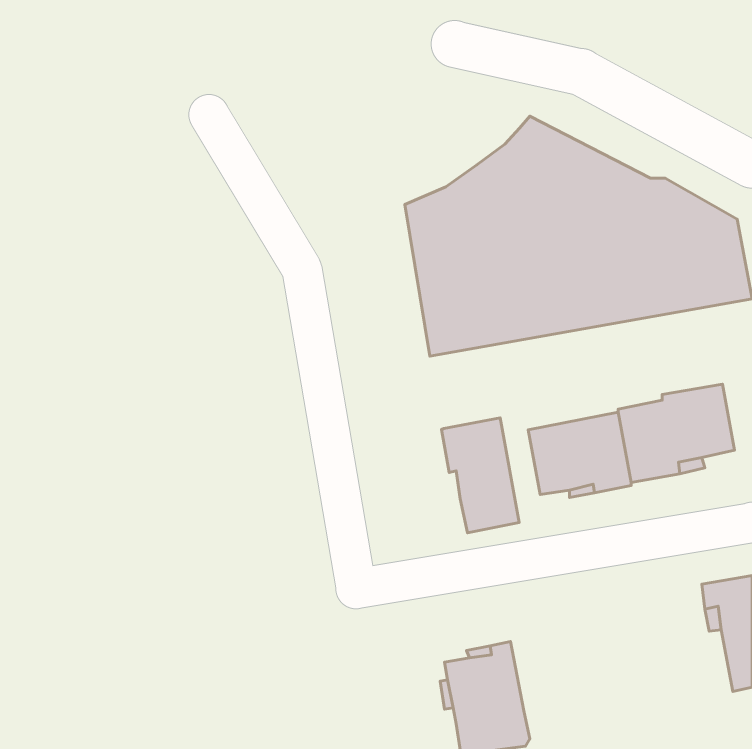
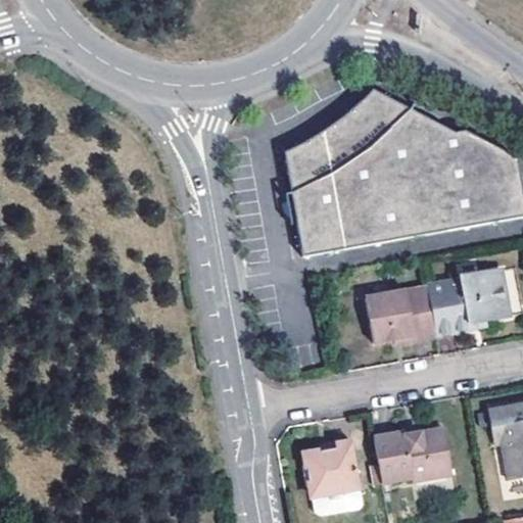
building: [442,418,519,533] -> none
building: none -> [378,439,457,492]

